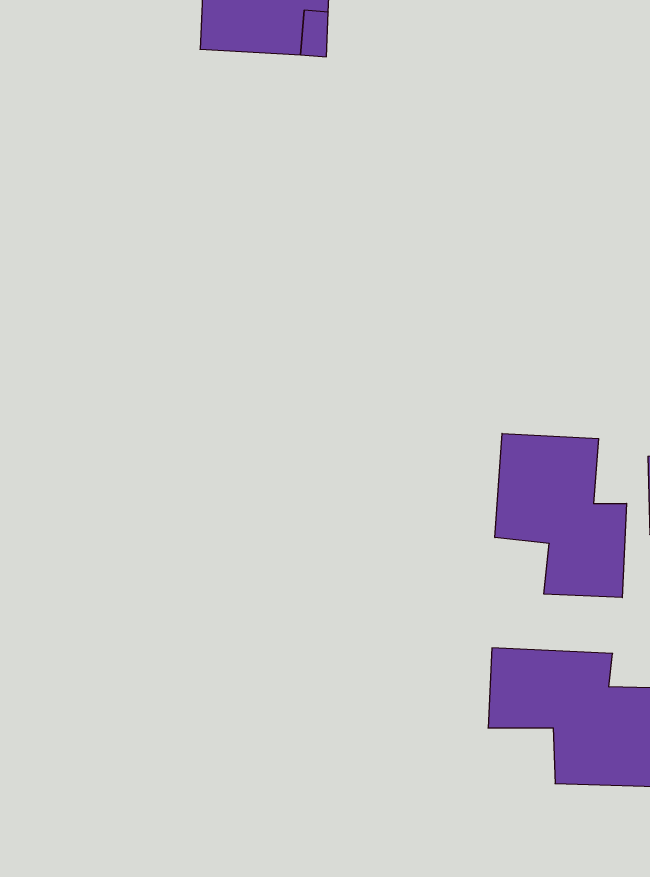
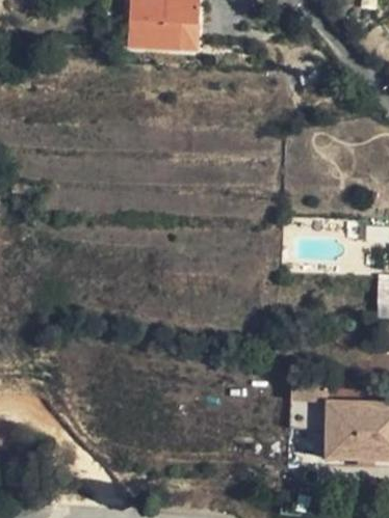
building: [495,433,627,598] -> none

